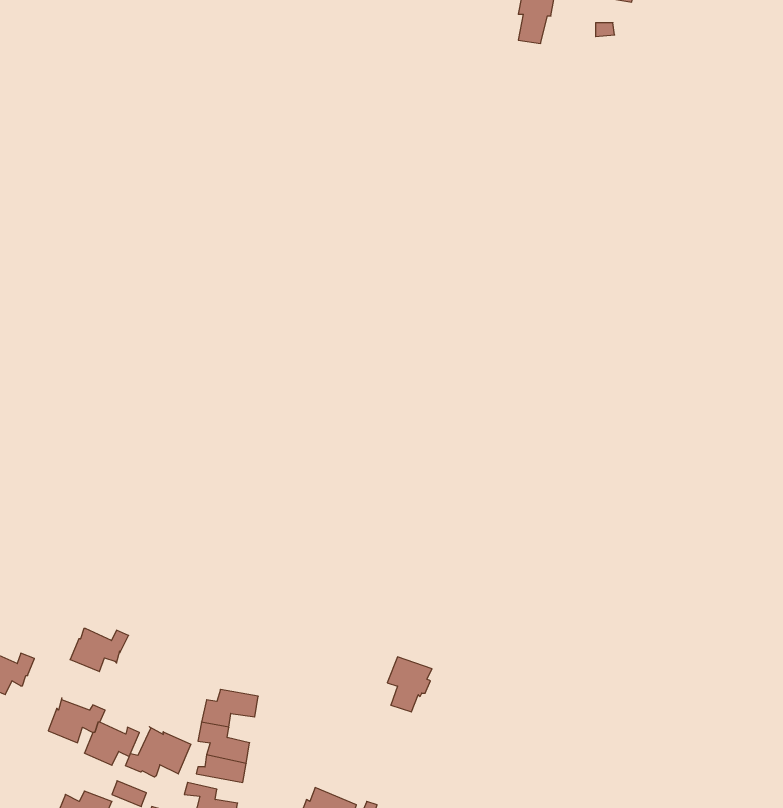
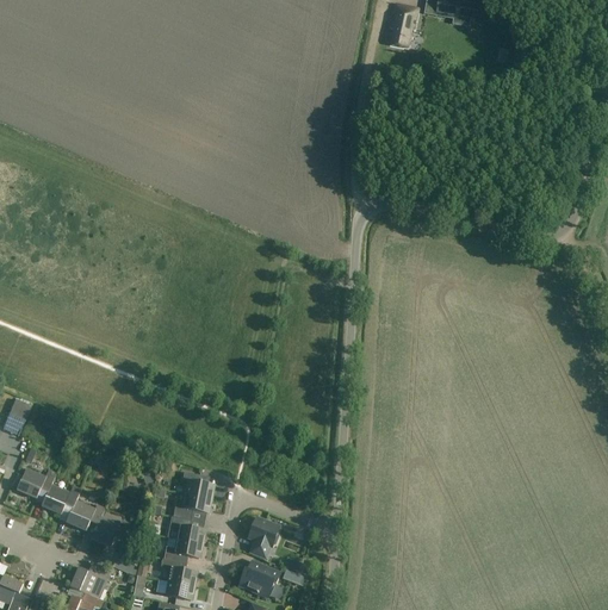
building: [70,629,129,672] -> [41,484,81,513]
building: [387,657,432,712] -> [248,518,279,556]
building: none -> [181,472,215,498]
building: [125,727,191,777] -> none

